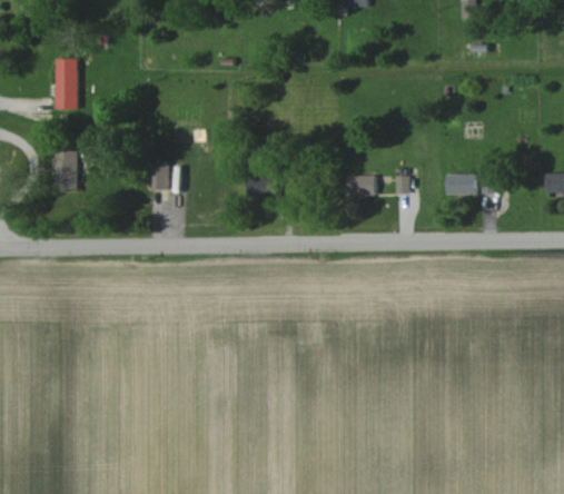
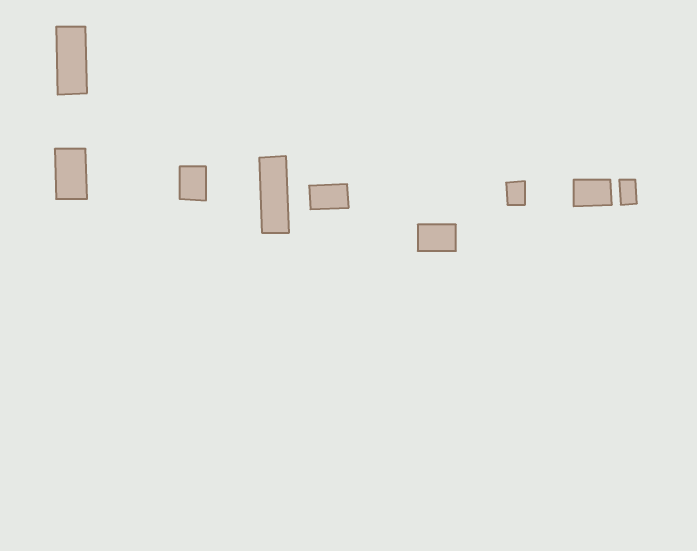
building: none -> [259,156,289,233]
building: [346,176,375,196] -> [418,225,456,251]

